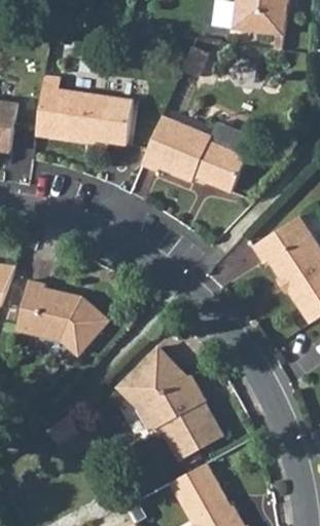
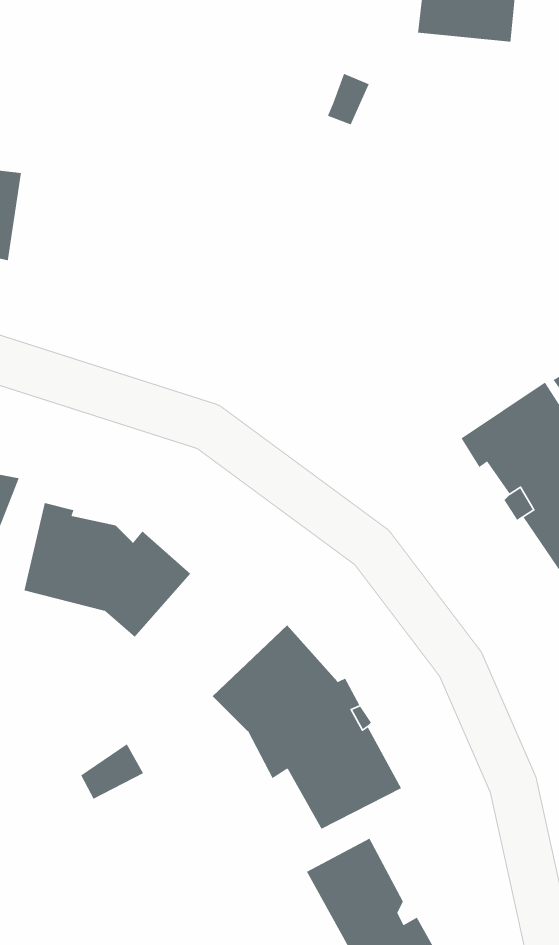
building: [36,77,131,145] -> none
building: [141,116,253,193] -> none

